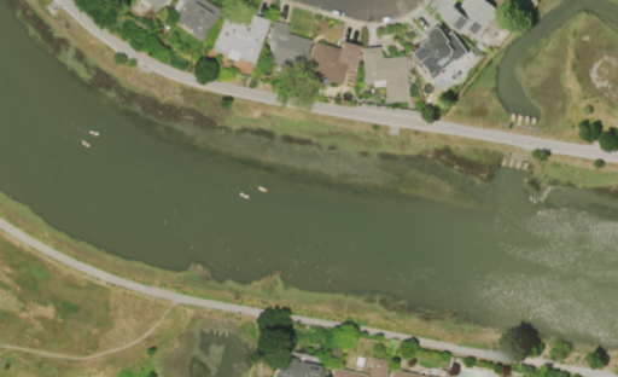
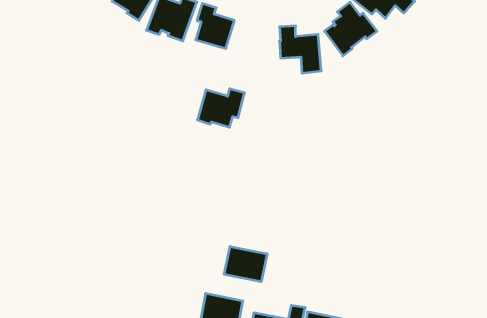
building: [307,40,360,83] -> [197,89,245,127]
building: none -> [224,246,267,282]

